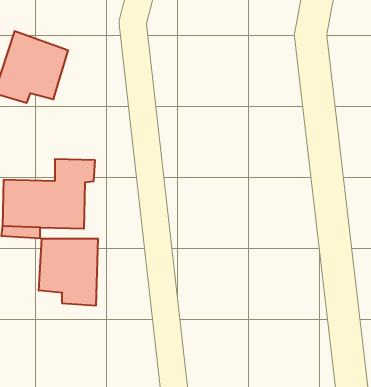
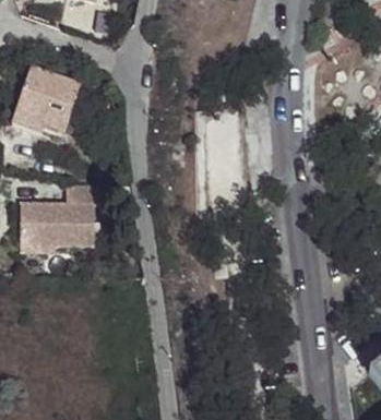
building: [39,238,98,306] -> none

